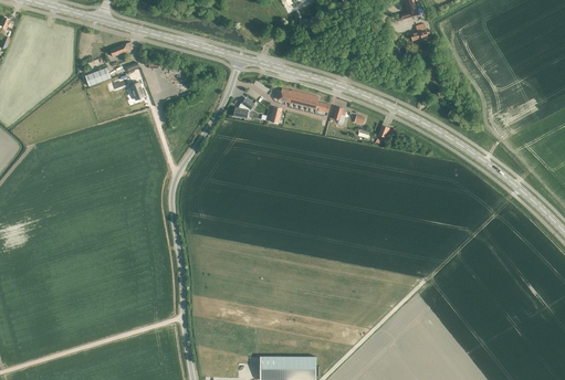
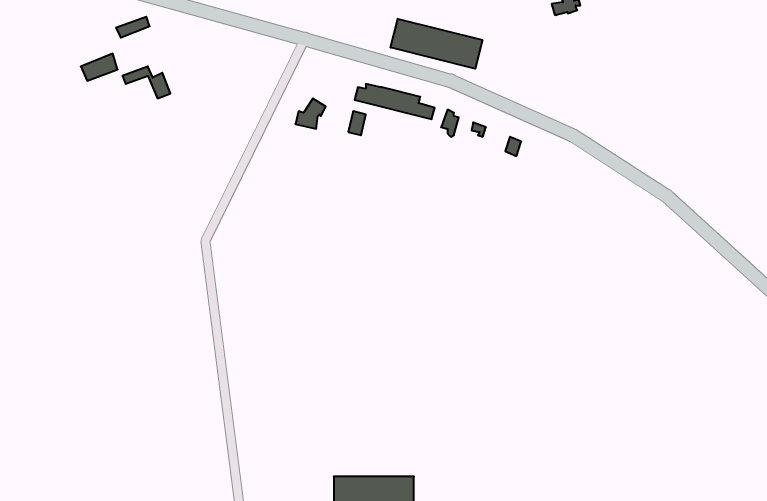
building: none -> [391,19,482,69]

